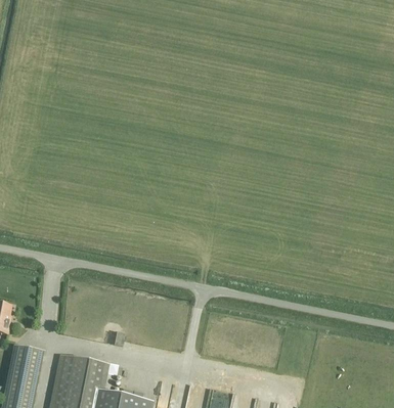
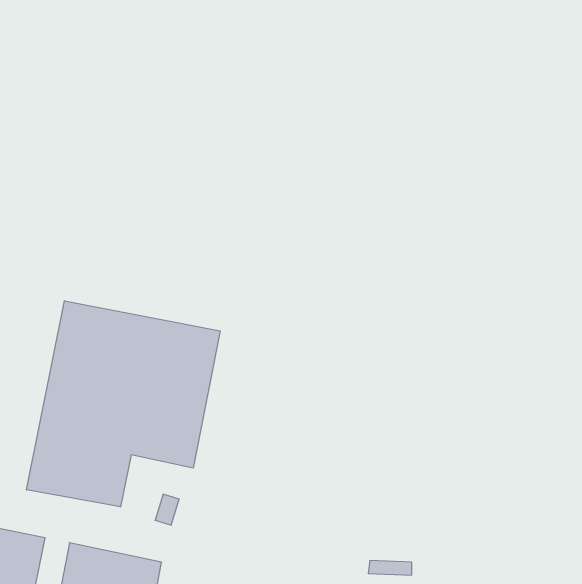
building: none -> [27,301,220,507]

